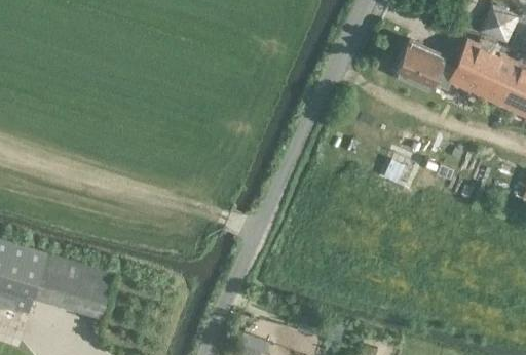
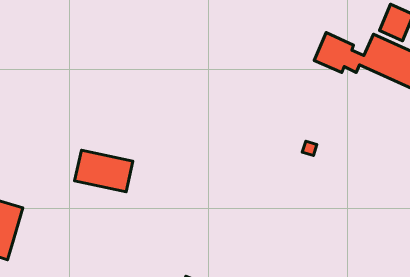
building: [42,259,112,309] -> [75,150,133,192]

